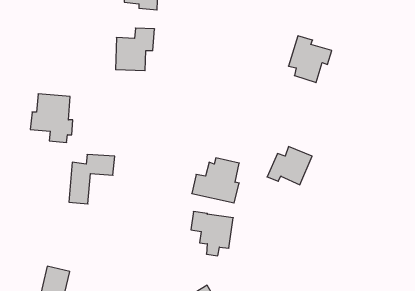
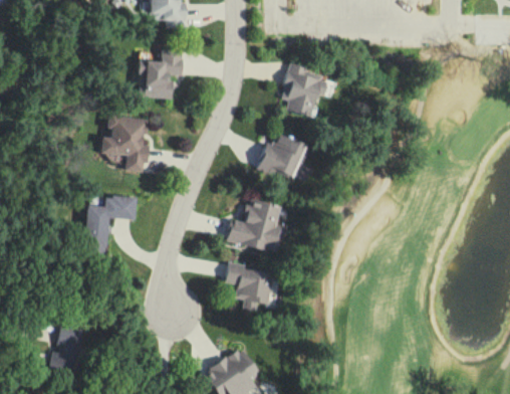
building: [288,36,332,83] -> [280,63,330,118]
building: [30,94,73,142] -> [100,116,150,172]
building: [267,147,312,185] -> [256,134,308,178]

